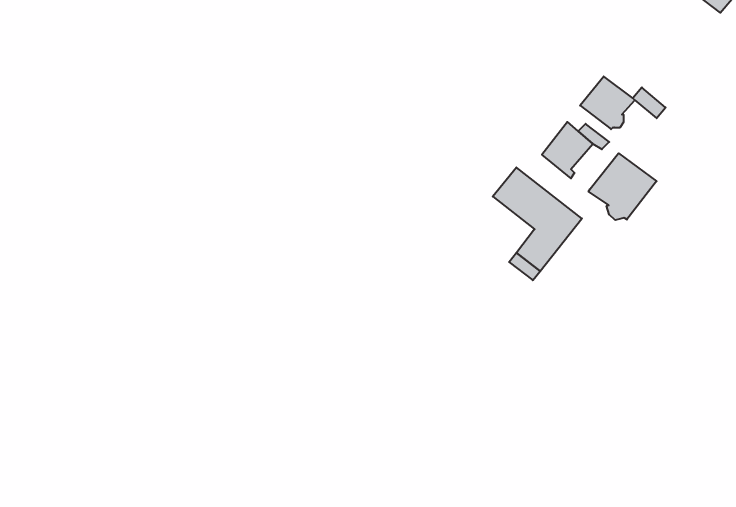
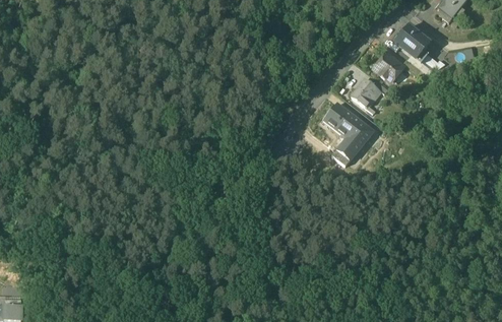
building: none -> [394,23,430,62]
building: [589,153,657,220] -> none

